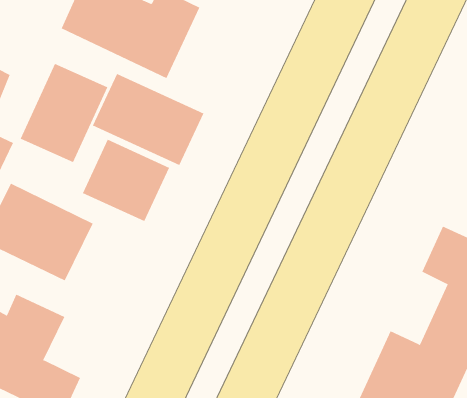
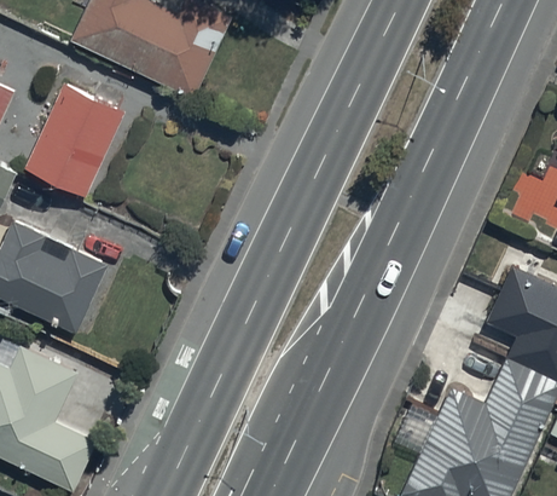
building: [92,73,204,166] -> none
building: [82,139,170,222] -> none

